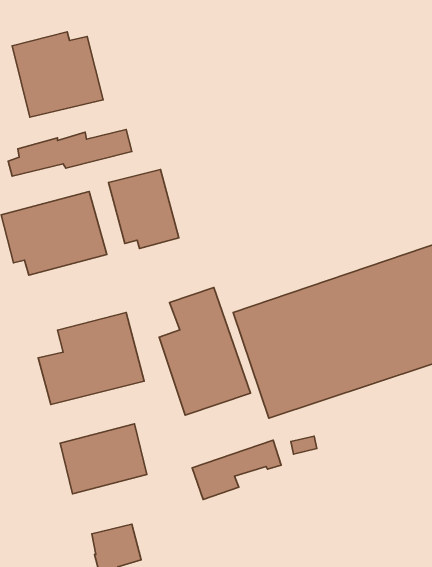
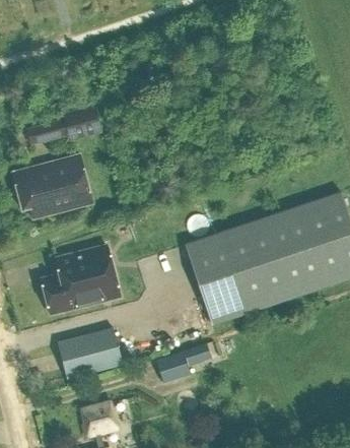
building: [12,32,103,117] -> none
building: [108,169,179,249] -> none
building: [159,288,250,415] -> none

